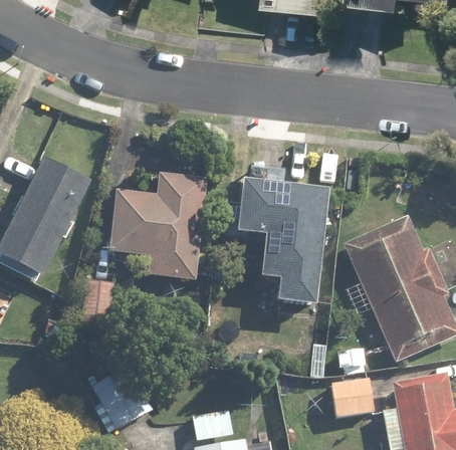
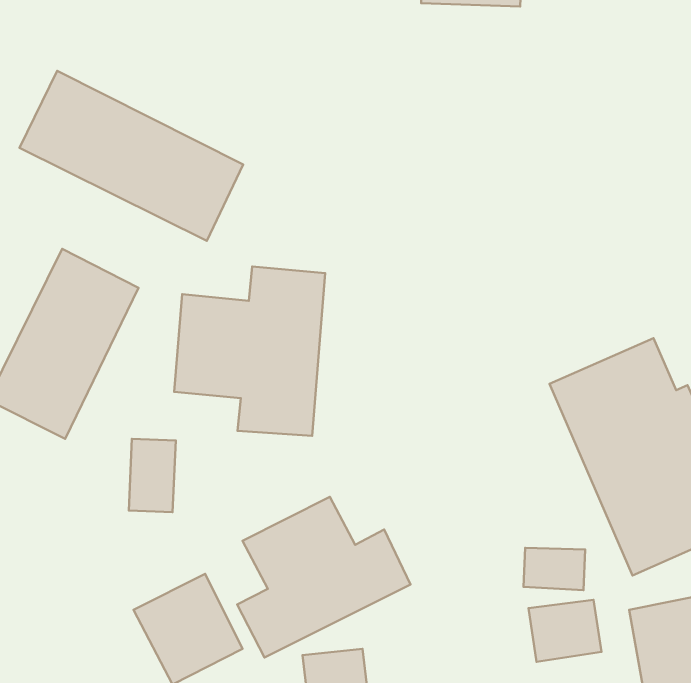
building: none -> [19,71,243,241]
building: [239,180,327,305] -> none
building: none -> [237,497,410,658]

